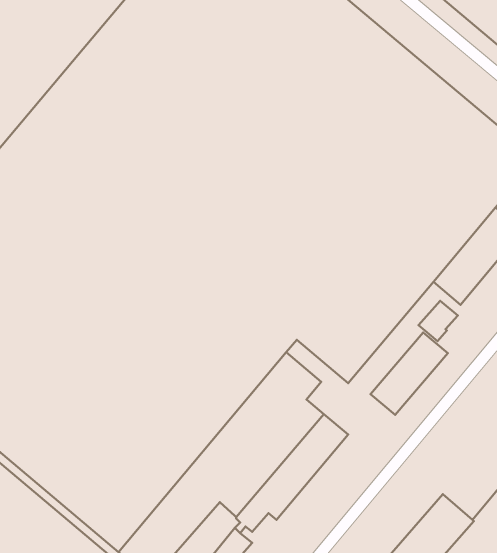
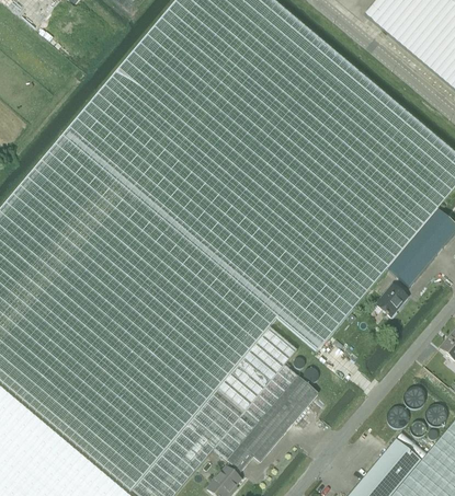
building: [370,332,448,415] -> none

